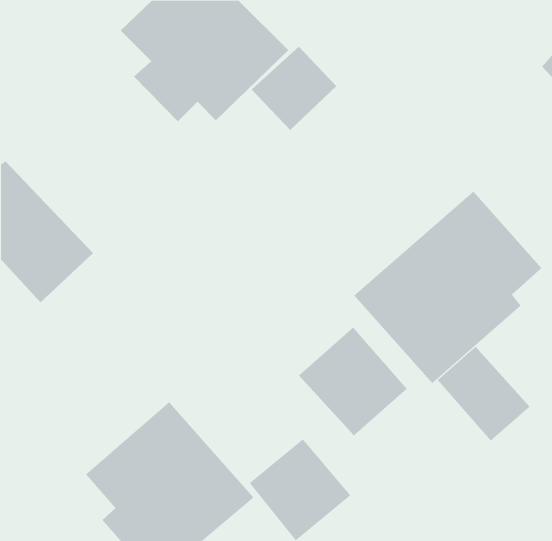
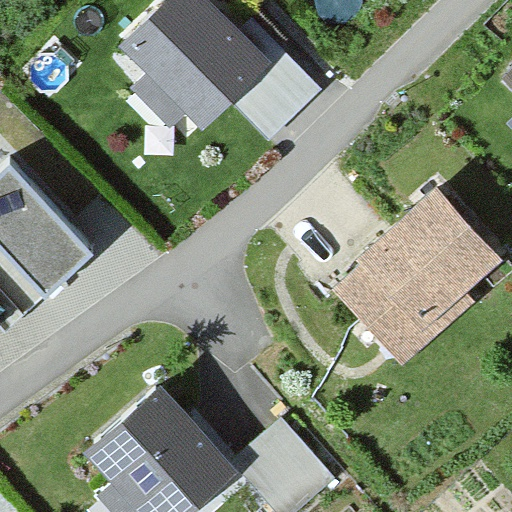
building: [298,327,407,436] -> none
building: [437,346,531,442] -> none

